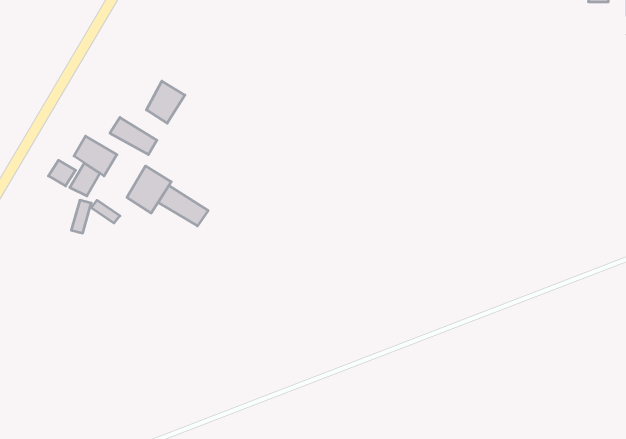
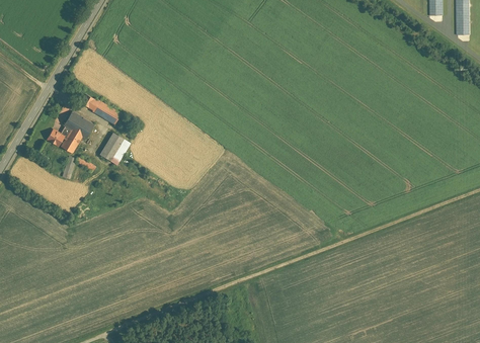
building: [146,81,185,123] -> none
building: [158,185,208,226] -> none

